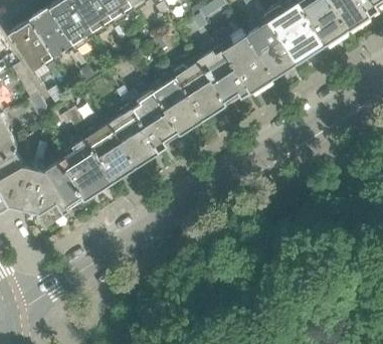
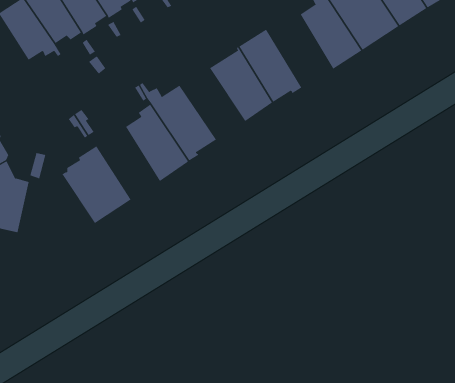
building: [220,35,272,94] -> none
building: [150,77,203,134] -> none
building: [83,124,136,181] -> none
building: [24,156,84,224] -> none

